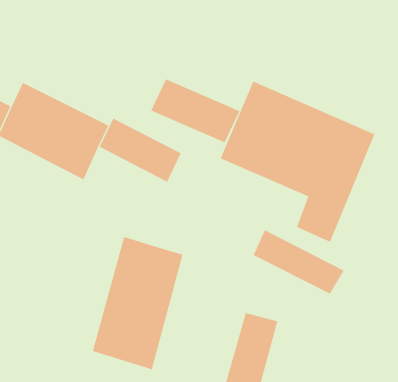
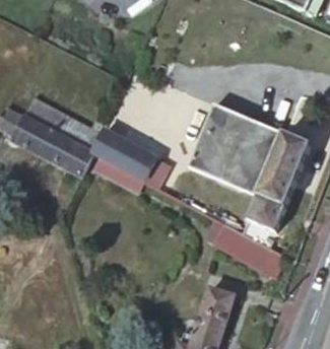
building: [151,78,240,143] -> none
building: [92,236,183,370] -> none

